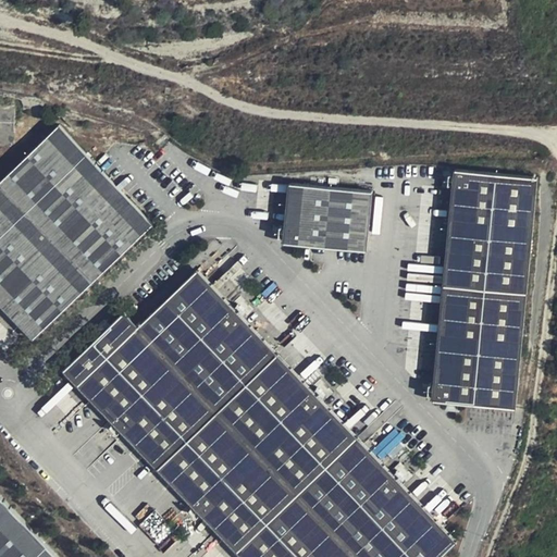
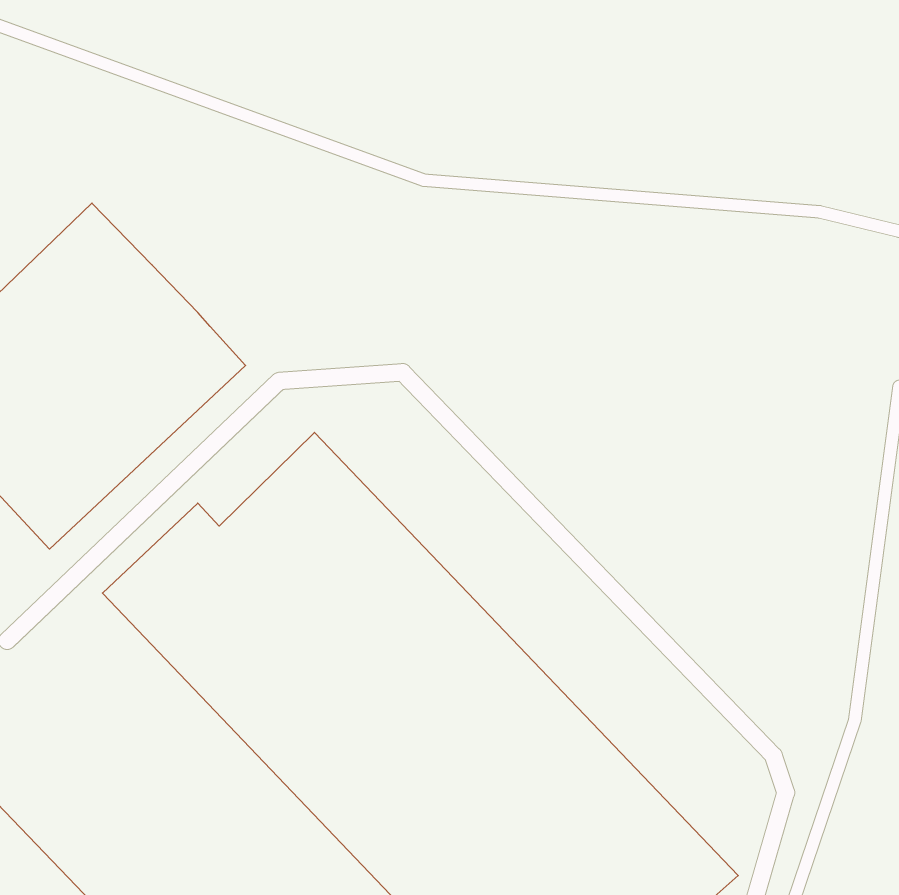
building: [433,182,531,408] -> none
building: [284,184,369,252] -> none

